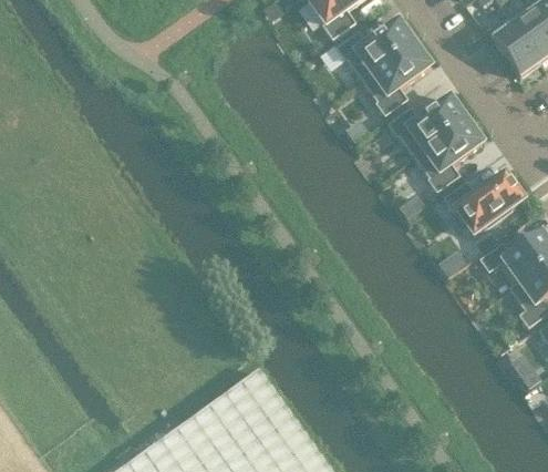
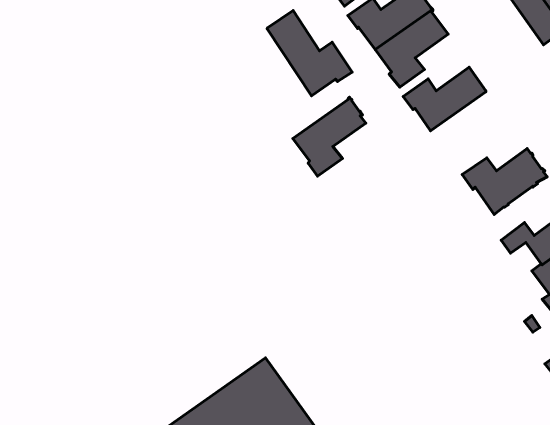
building: none -> [267,11,352,96]
building: [415,116,484,191] -> [293,97,366,176]

